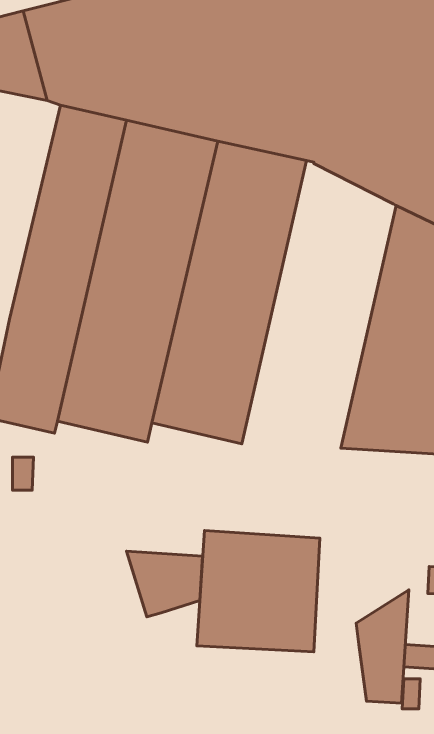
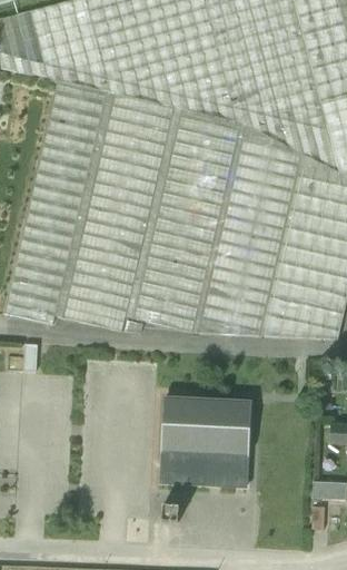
building: none -> [197,124,306,335]
building: [126,551,203,617] -> none
building: [356,590,409,703] -> none

